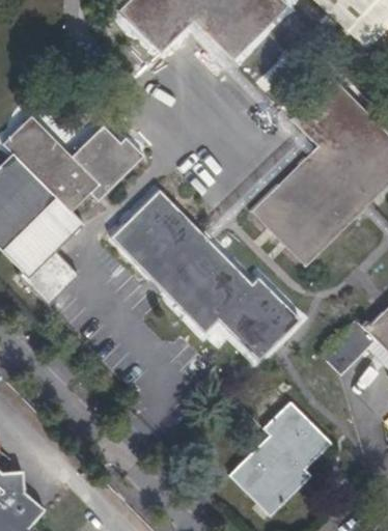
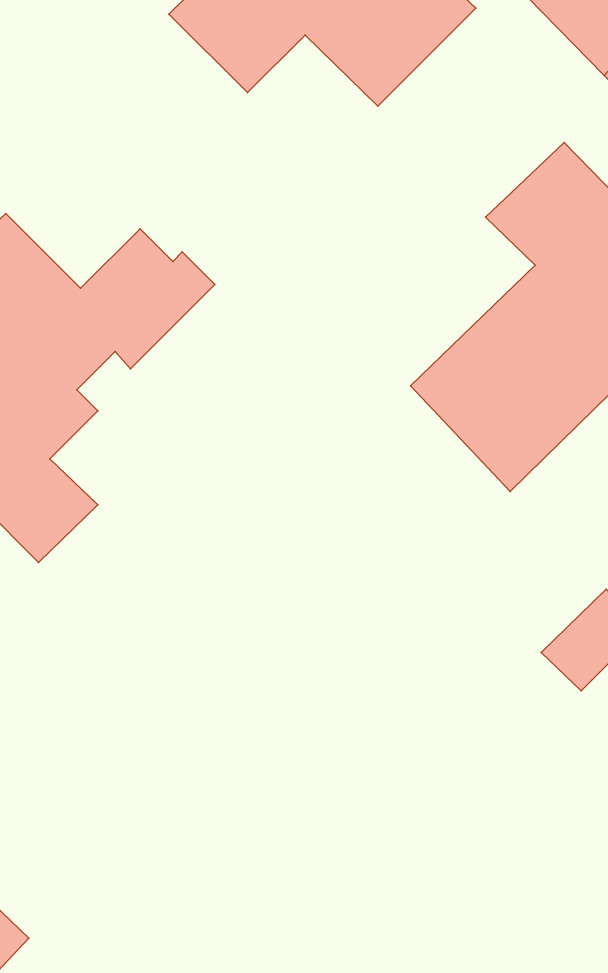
building: [111,190,301,361] -> none
building: [229,401,332,515] -> none

